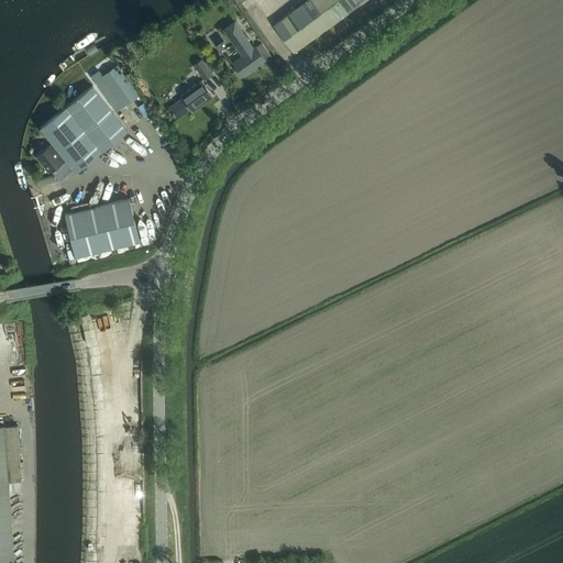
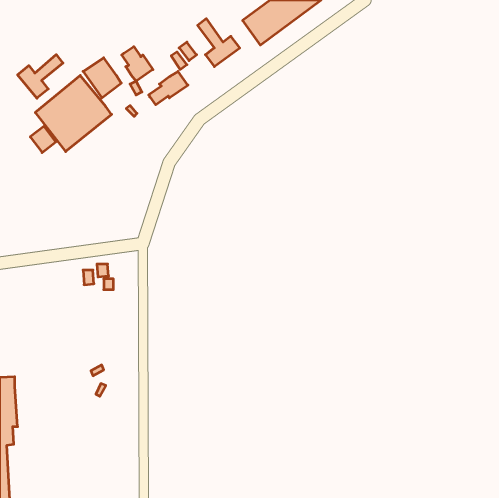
building: none -> [122,47,153,81]
building: none -> [18,55,63,98]
building: [64,197,139,256] -> none

